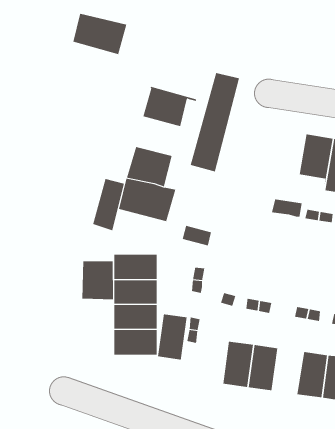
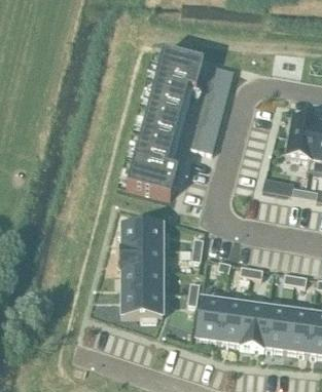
building: [73,13,127,55] -> [155,52,204,89]
building: none -> [142,105,182,140]
building: [93,178,125,231] -> none
building: [82,260,114,300] -> none
building: [157,314,187,360] -> [198,301,224,342]
building: none -> [263,310,291,351]

